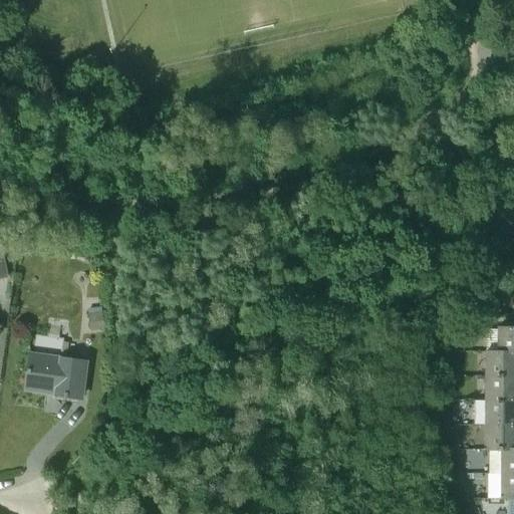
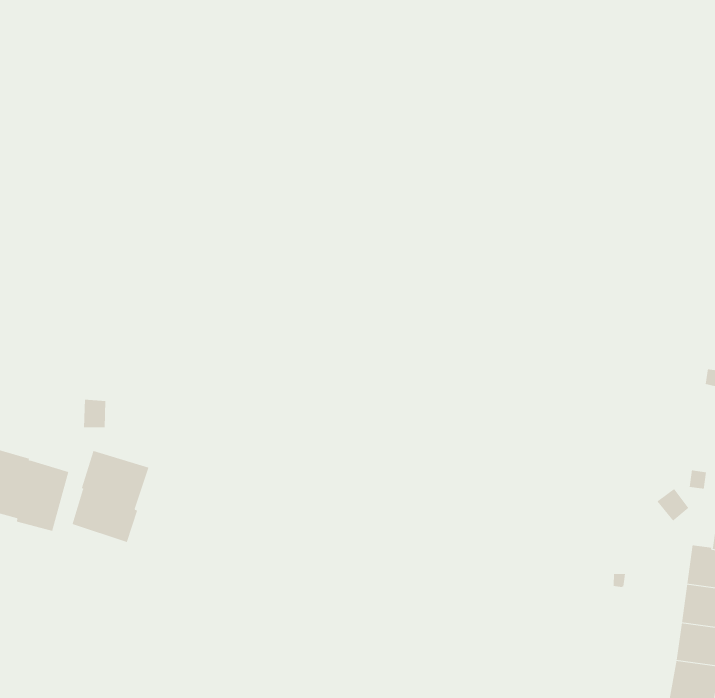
building: none -> [72,450,149,543]

